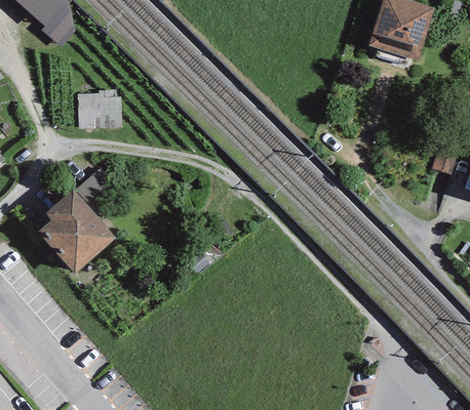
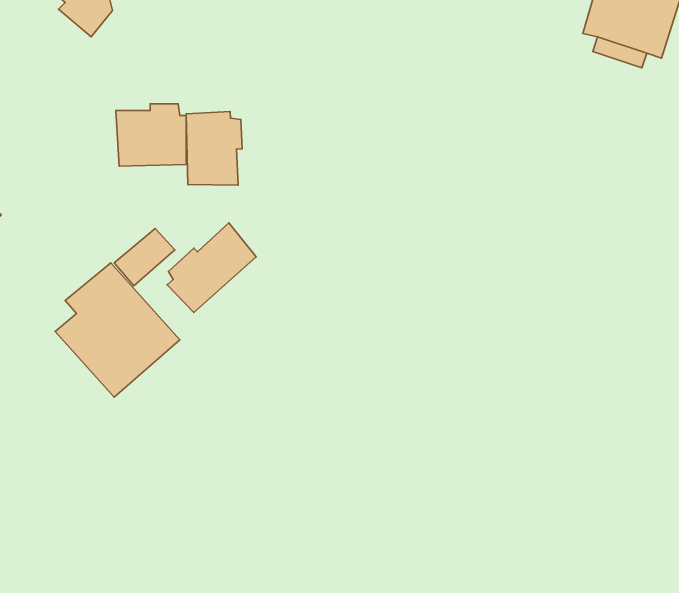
building: none -> [186,111,242,185]
building: none -> [167,223,256,312]

